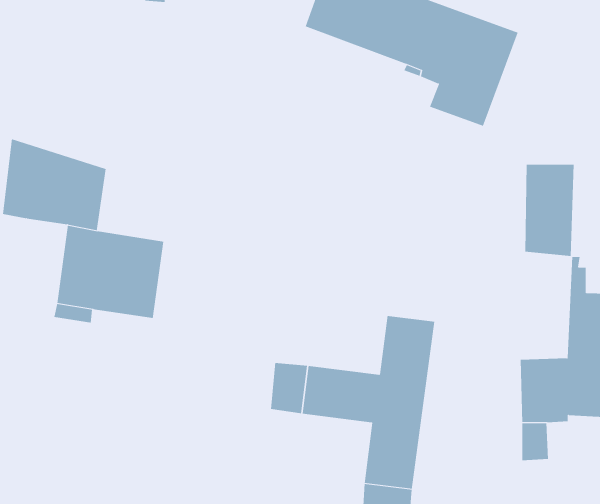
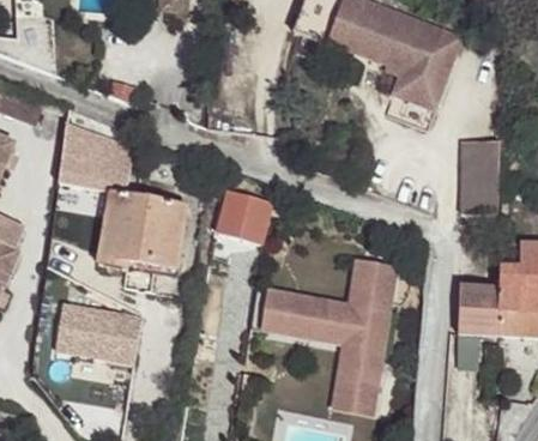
building: none -> [216,188,272,241]
building: none -> [54,307,138,366]

